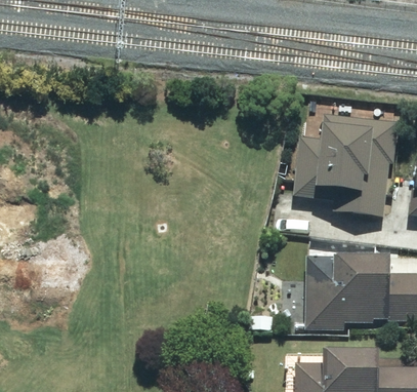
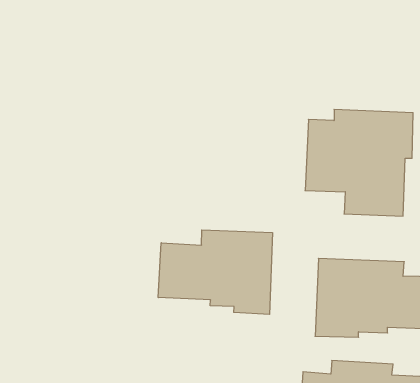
building: none -> [158,230,272,314]

